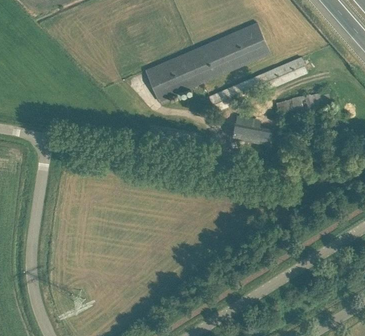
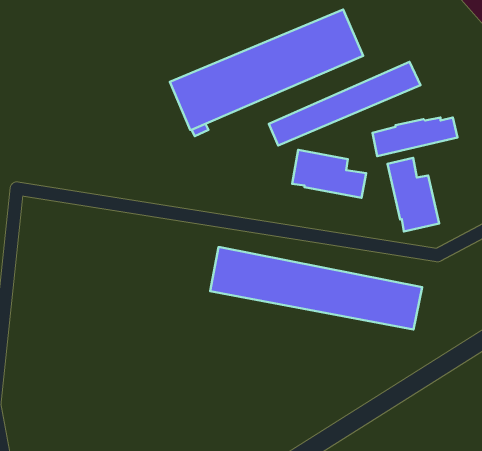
building: none -> [387,158,439,231]
building: none -> [210,247,422,330]

